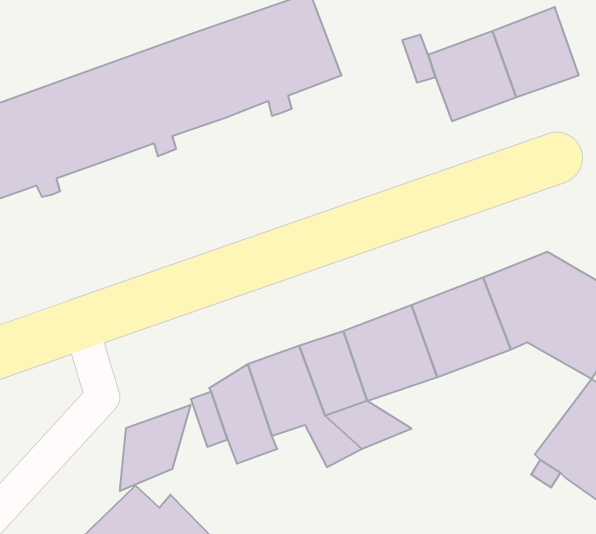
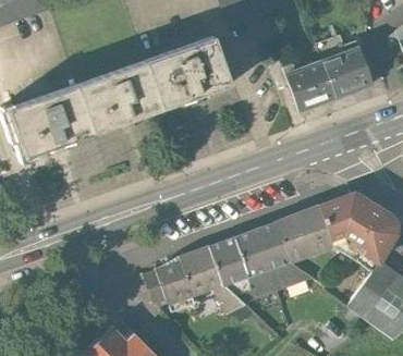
building: none -> [248,261,313,292]
building: [120,405,190,491] -> none

